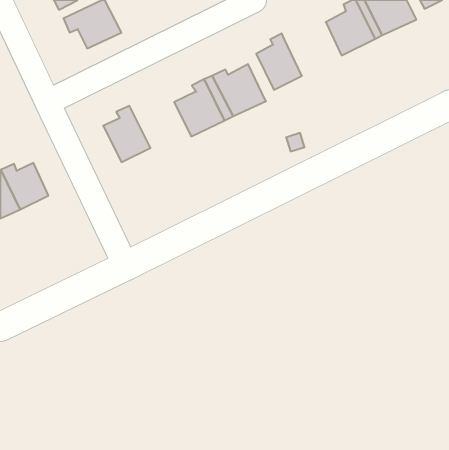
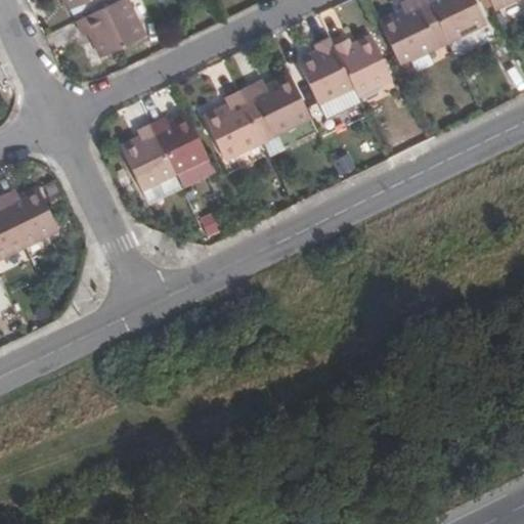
building: none -> [332,36,392,95]
building: none -> [151,115,208,172]

